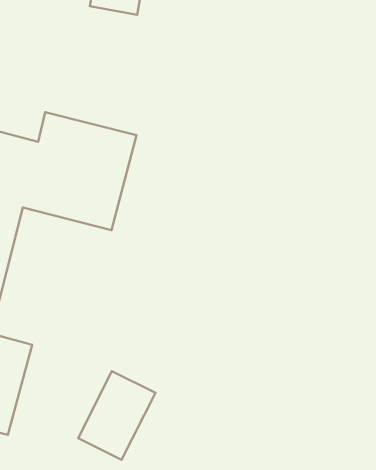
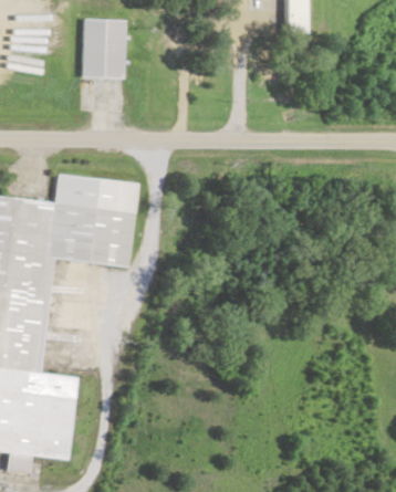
building: [78,371,156,460] -> none

